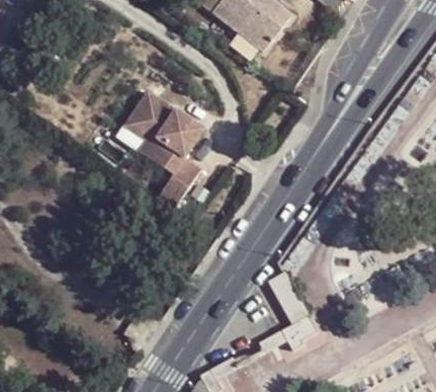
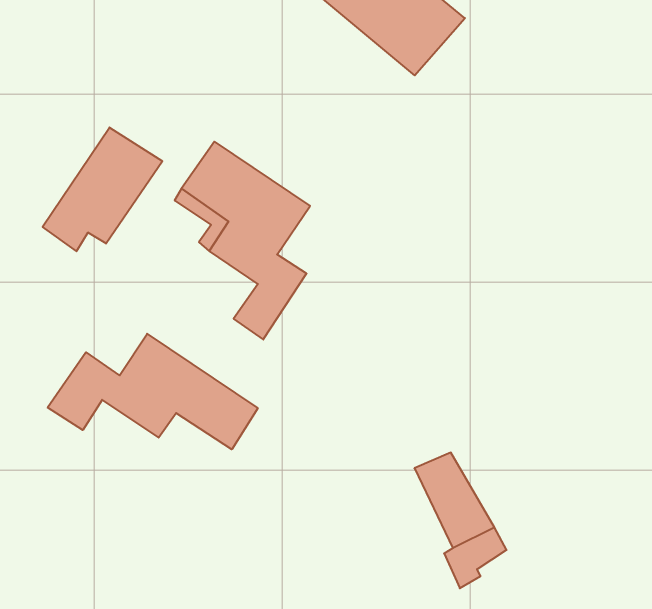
building: none -> [43,127,162,251]
building: none -> [48,334,258,449]

